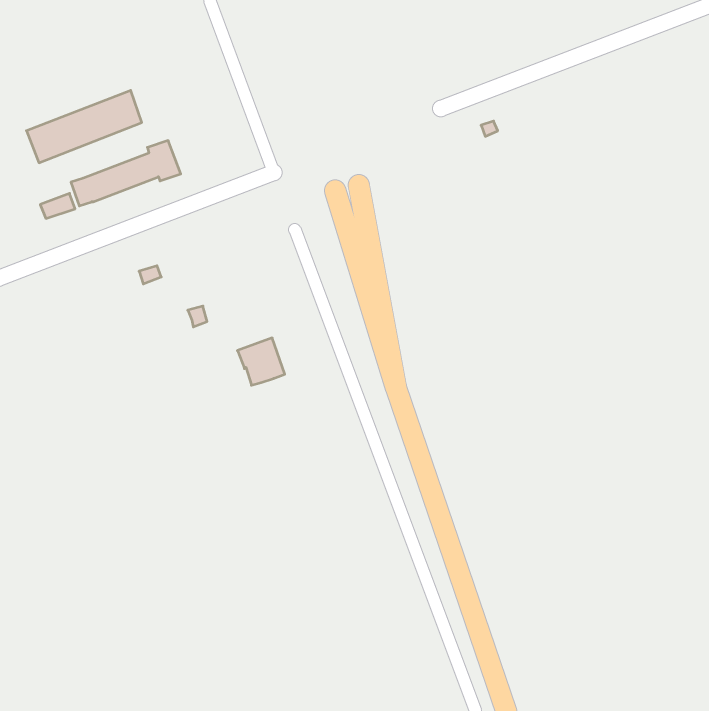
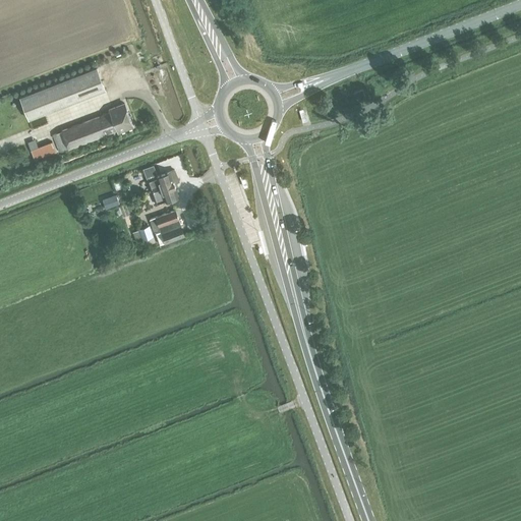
building: none -> [147,170,178,204]
building: [237,338,285,385] -> [149,210,183,244]

